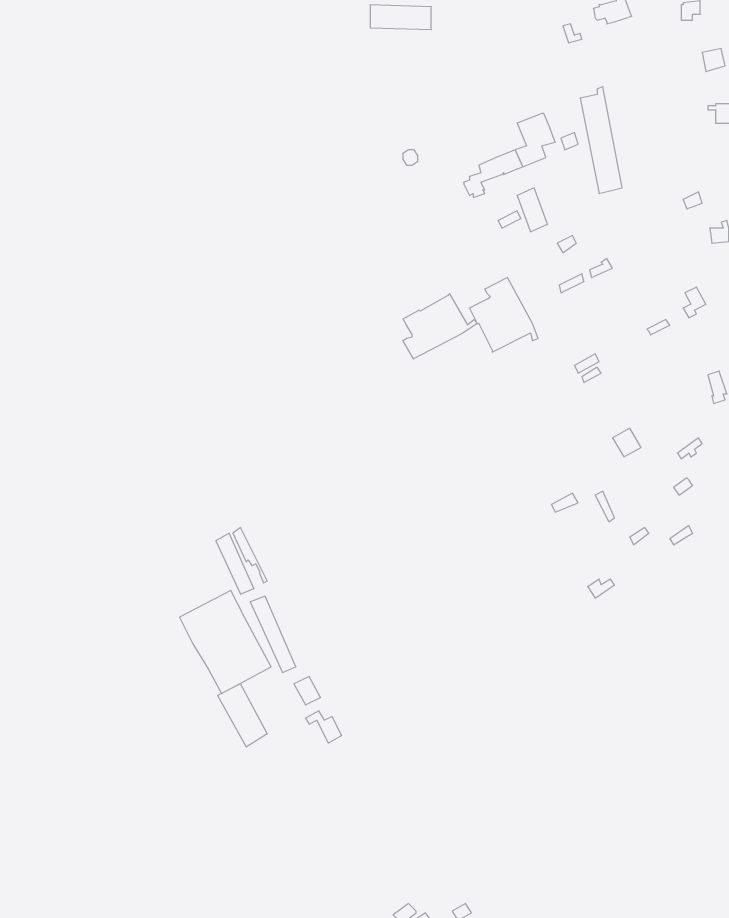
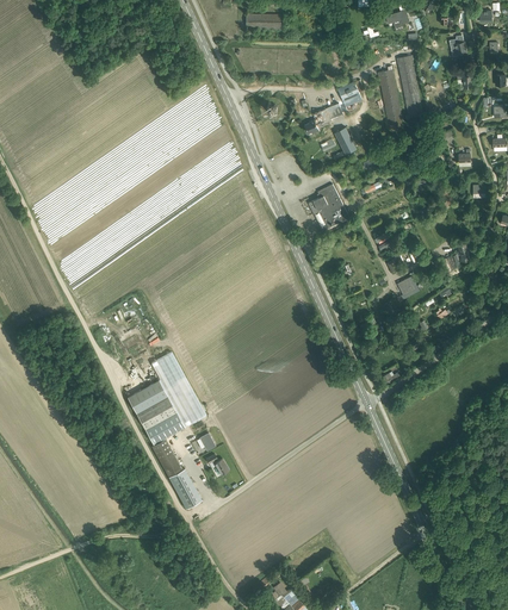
building: none -> [396,54,422,118]
building: [403,294,477,359] -> none
building: none -> [168,467,200,508]

